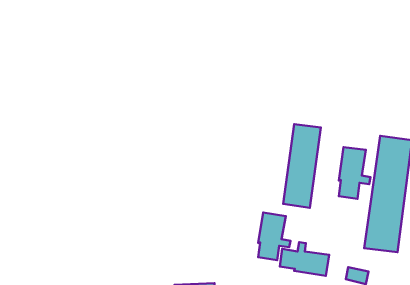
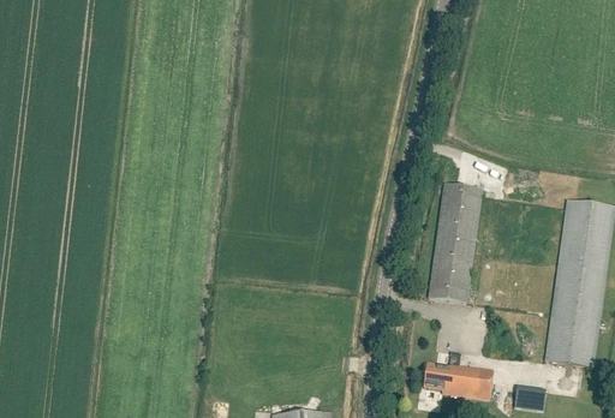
building: [339,147,370,199] -> none
building: [258,213,290,260] -> none

